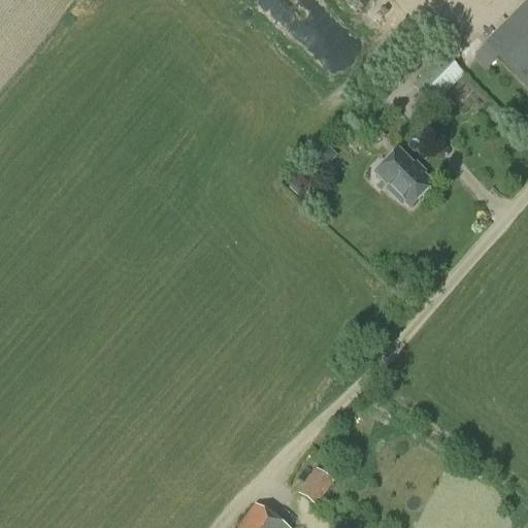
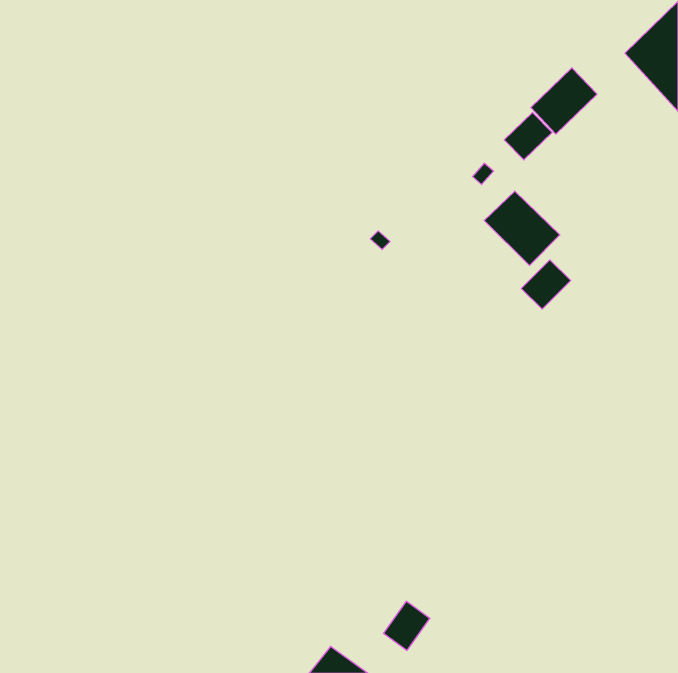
building: none -> [504,113,552,160]
building: none -> [521,260,571,309]

